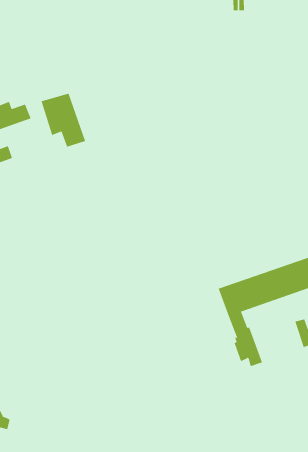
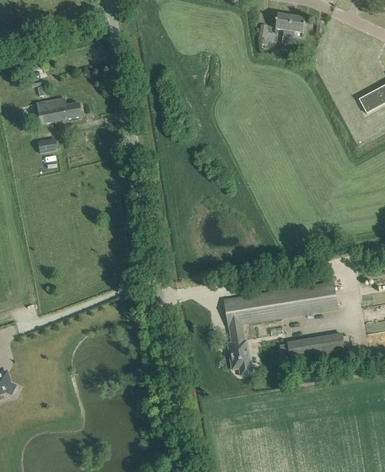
building: [41,93,86,147] -> none

